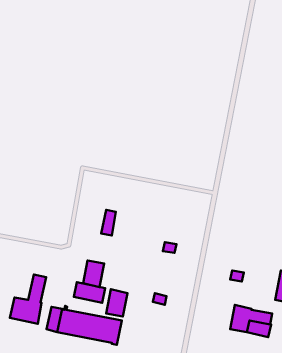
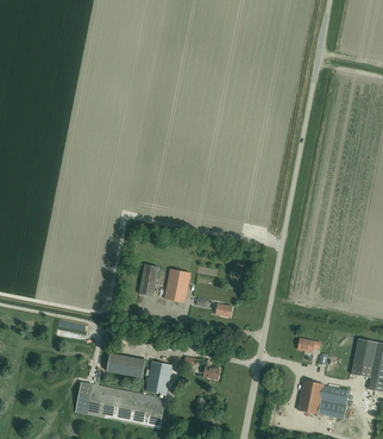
building: none -> [164,269,190,302]
building: [83,261,104,287] -> none
building: [10,274,46,324] -> none

